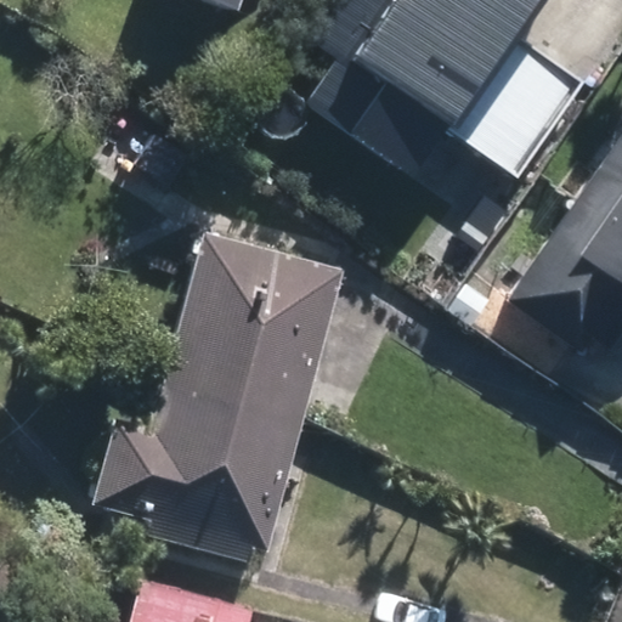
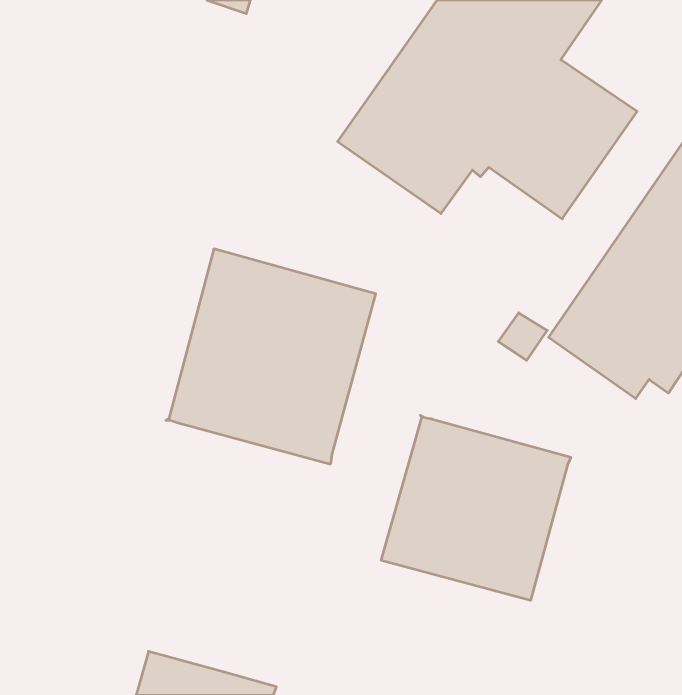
building: none -> [381,415,571,600]
building: [89,375,306,559] -> none

